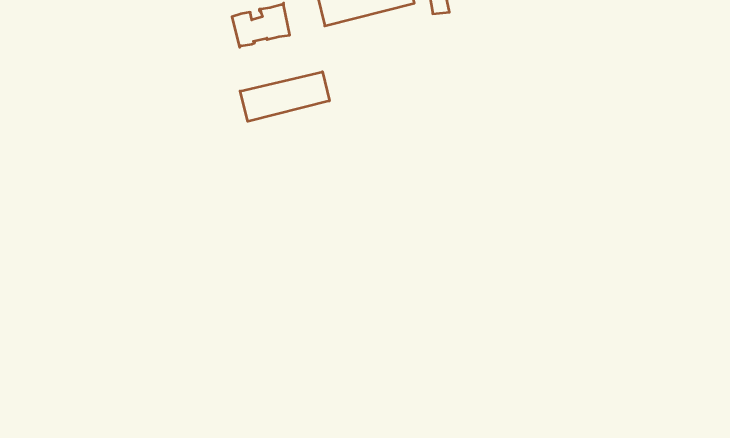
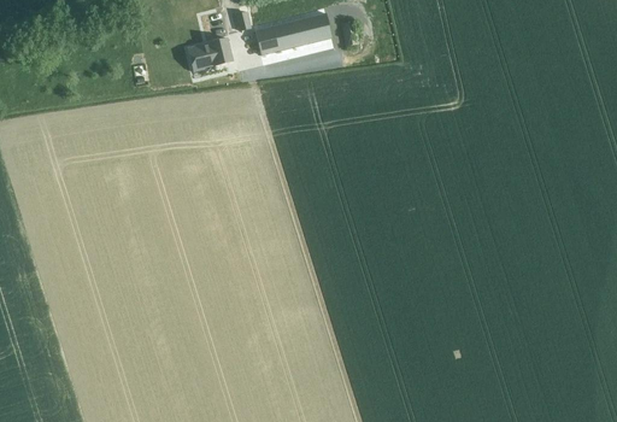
building: [240,72,329,121] -> none

